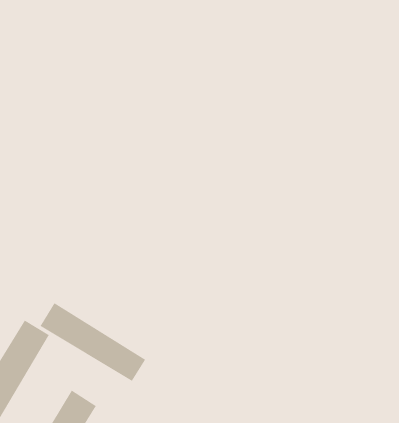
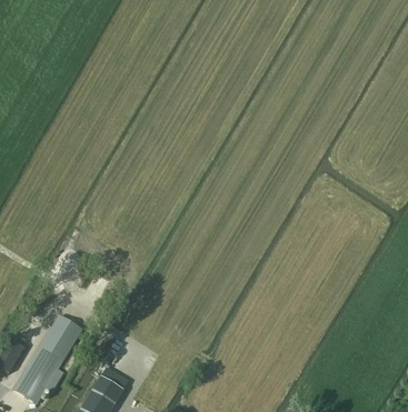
building: [40,302,146,382] -> none

